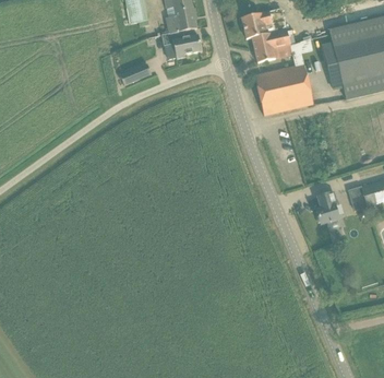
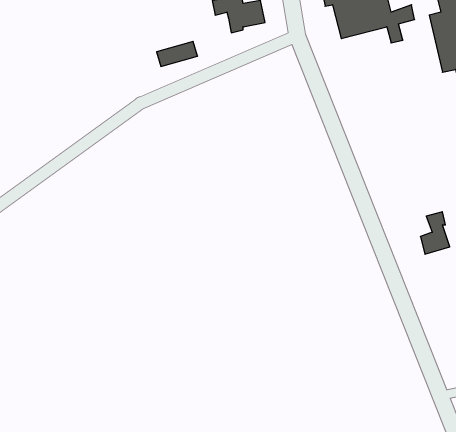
building: [254,63,312,115] -> none

